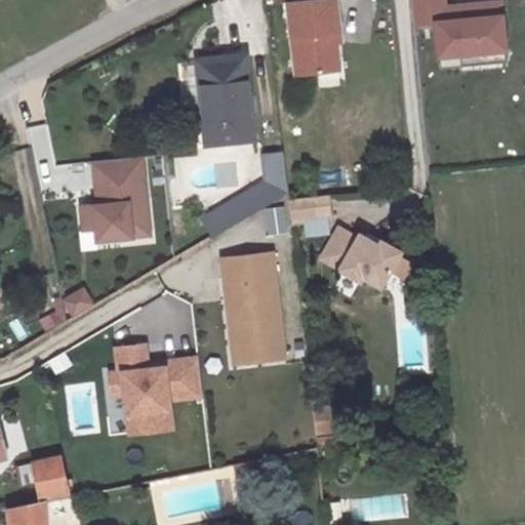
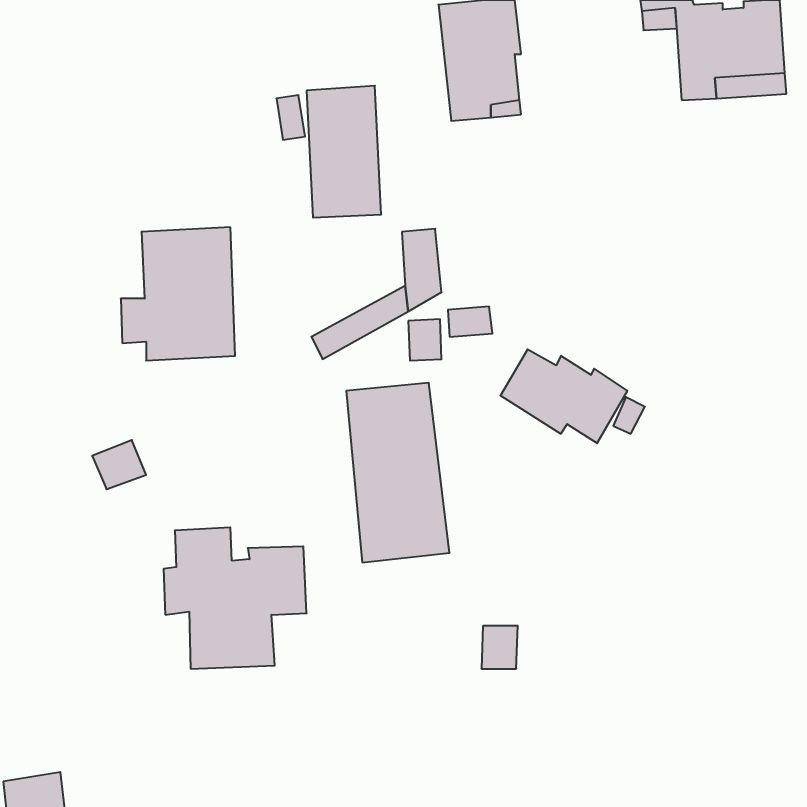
building: [29,457,65,500] -> none

